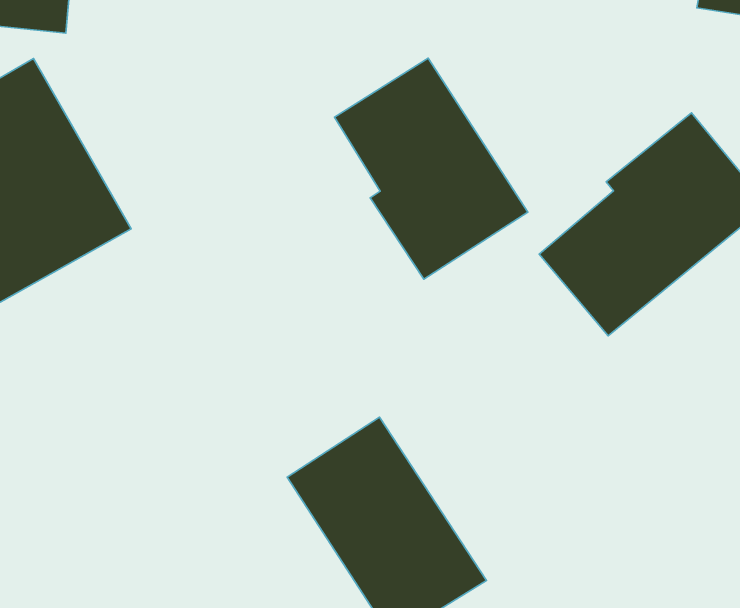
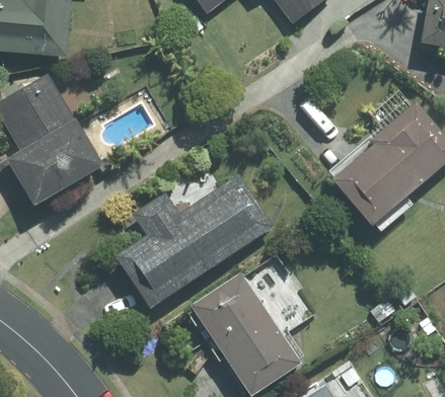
building: [335,58,528,279] -> none
building: none -> [113,174,274,309]

